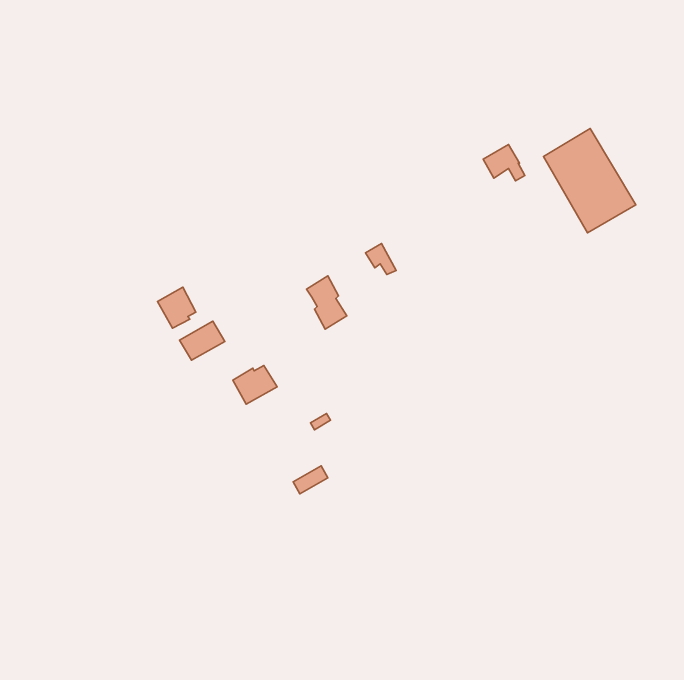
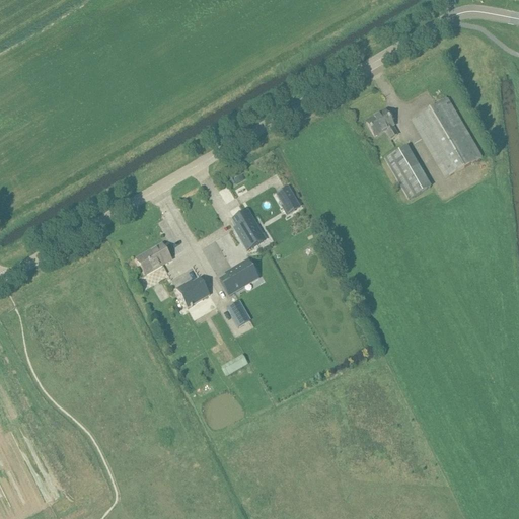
building: none -> [385,144,432,199]
building: [158,287,196,328] -> none
building: none -> [220,258,256,294]

